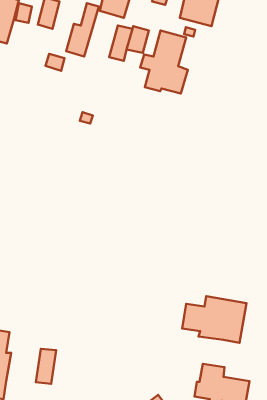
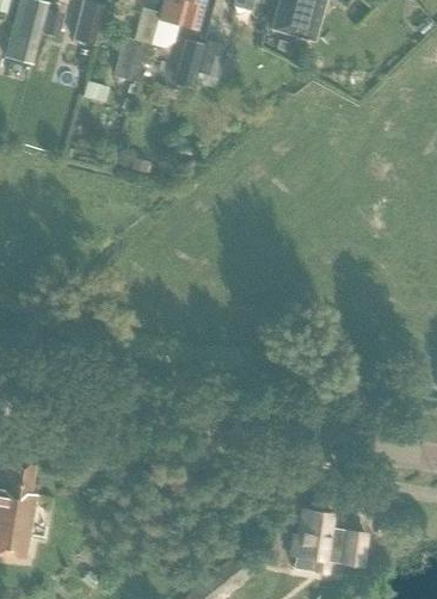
building: [140,31,188,94] -> none
building: [182,296,247,343] -> none
building: [36,349,56,384] -> none

